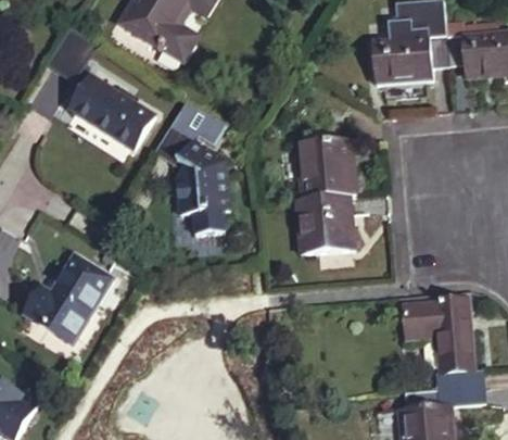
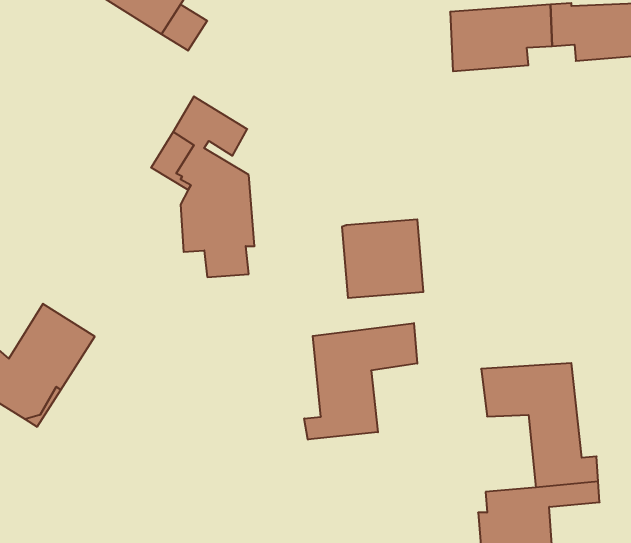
building: [69,74,157,150] -> none
building: [295,136,354,196] -> none
building: none -> [304,323,417,440]

